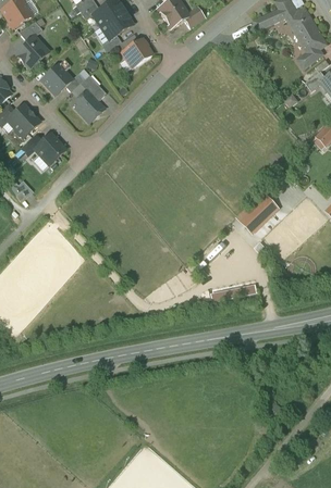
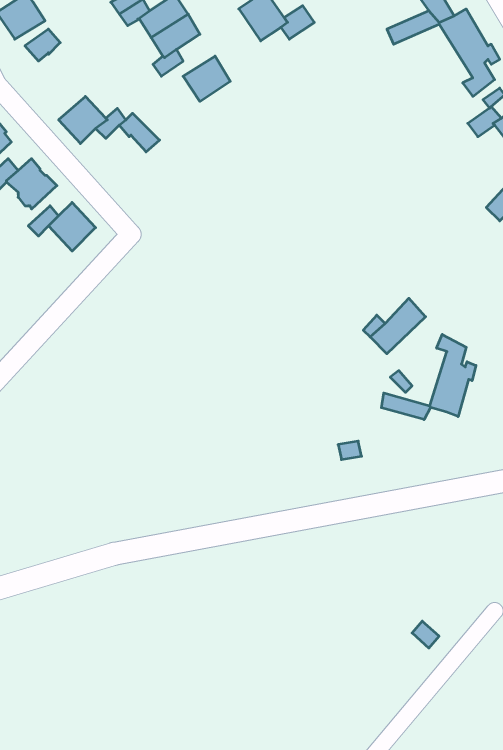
building: [15,36,47,67] -> none
building: [72,89,103,122] -> none
building: none -> [381,334,476,420]

